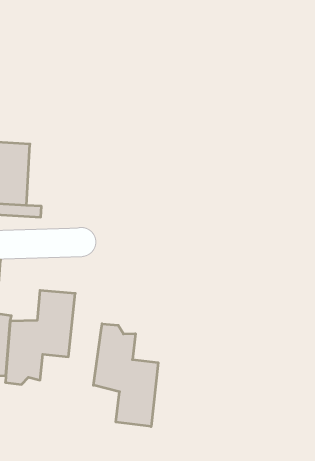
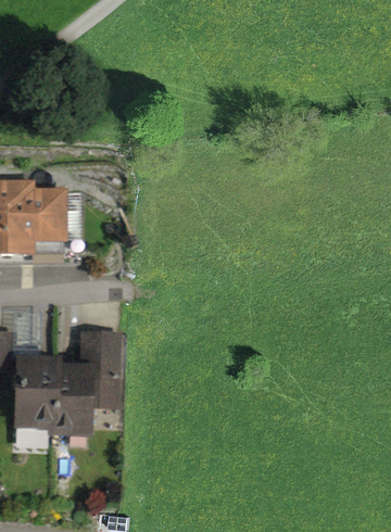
building: [93,324,158,427] -> none

